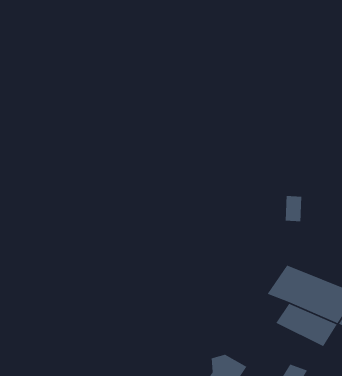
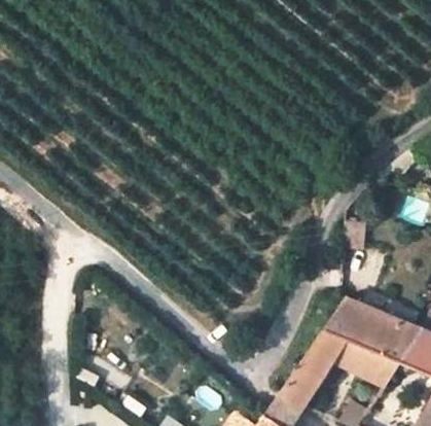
building: none -> [280,329,348,406]

